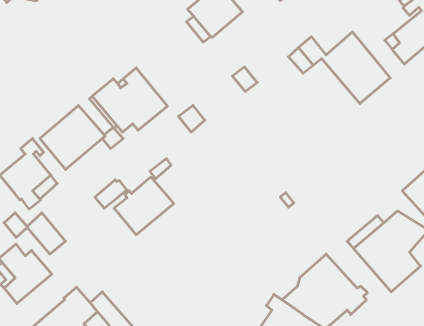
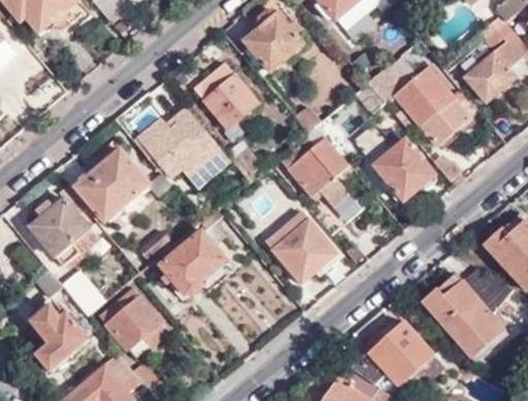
building: none -> [194,62,258,128]
building: none -> [282,138,352,209]
building: none -> [371,138,434,202]
building: none -> [265,210,336,283]
building: none -> [99,294,169,359]

